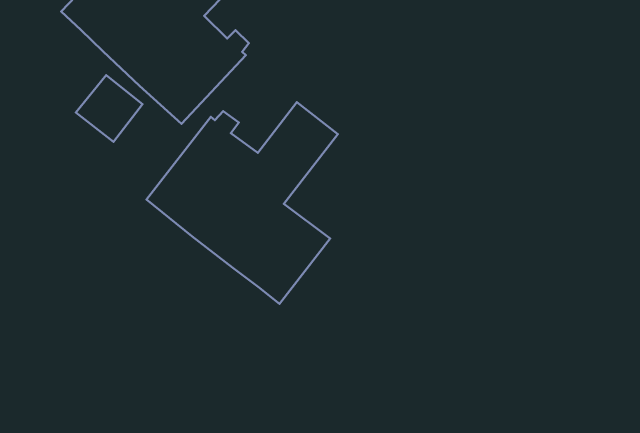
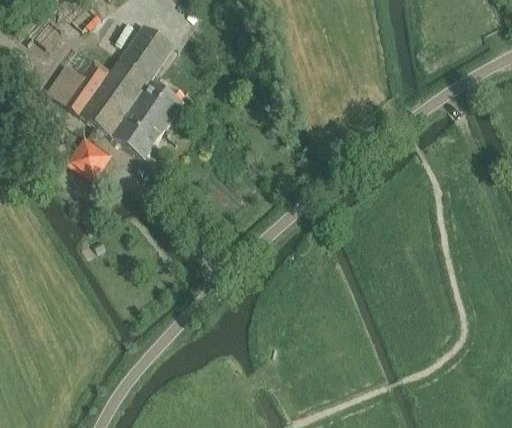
building: [146,102,338,304] -> none

